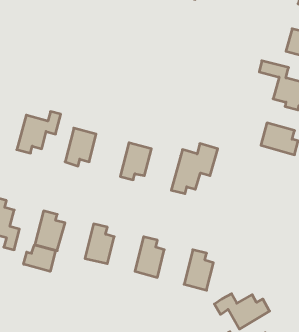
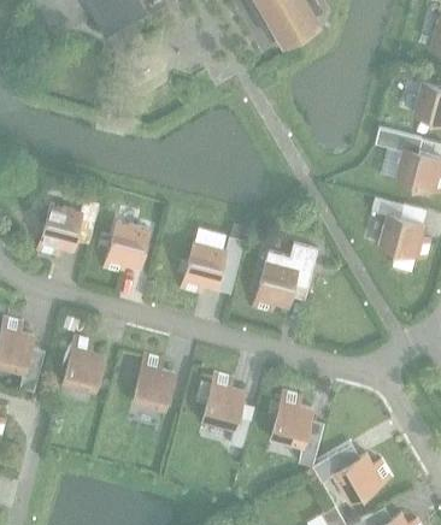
building: [24,245,56,271] -> none

